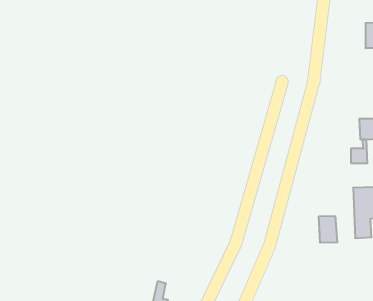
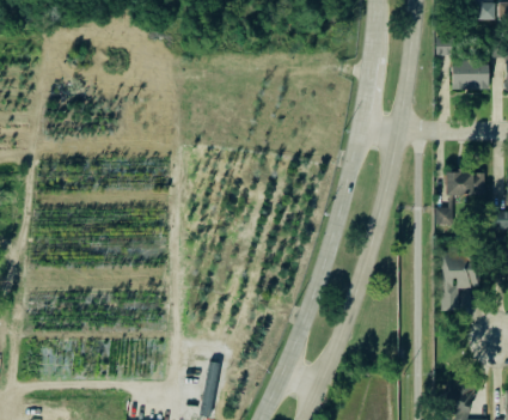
building: [319,216,337,243] -> none

